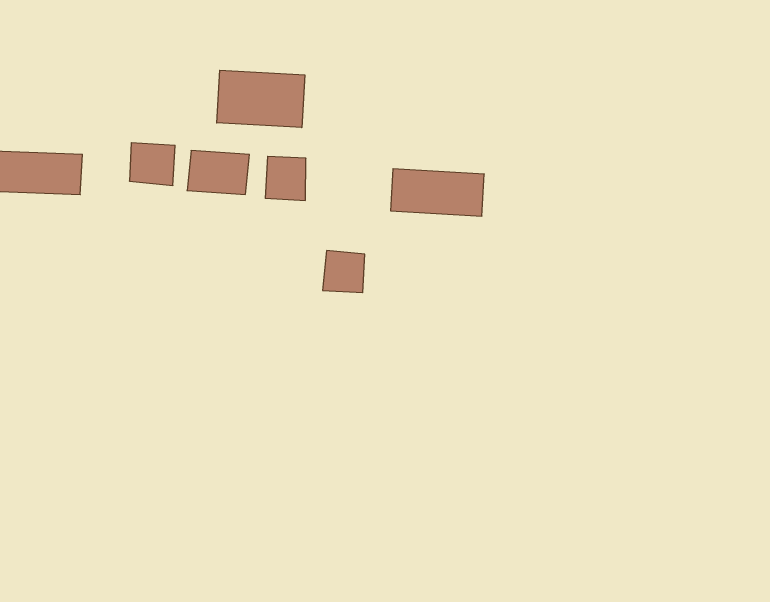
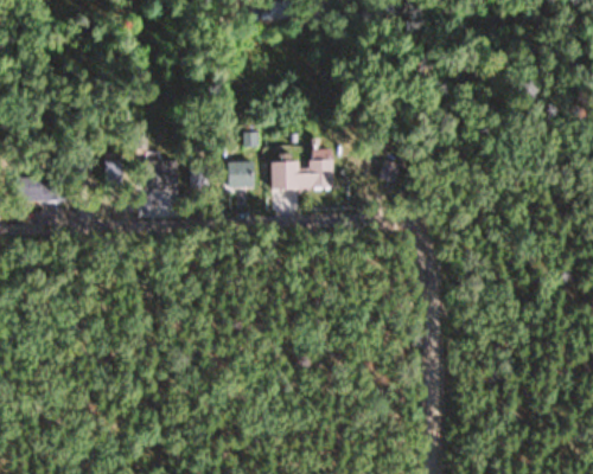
building: [217,70,305,128] -> none
building: [323,251,365,293] -> [229,162,255,188]

